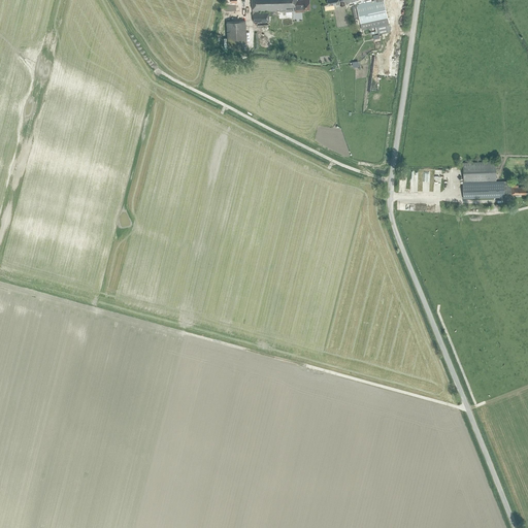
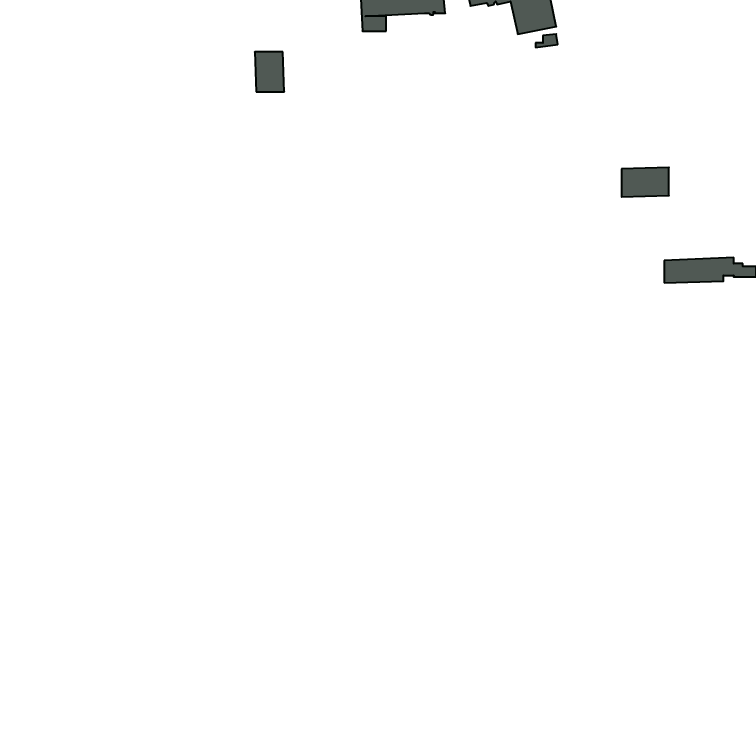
building: [226,21,246,48] -> [255,52,284,92]
building: [463,160,496,180] -> [622,167,669,197]

